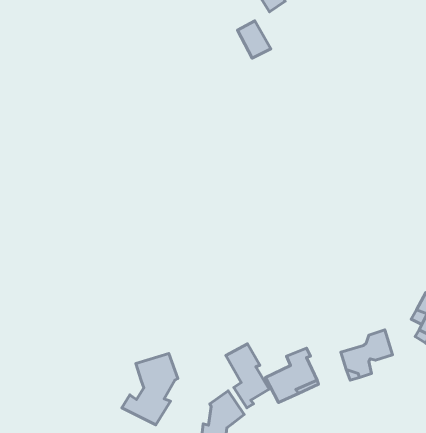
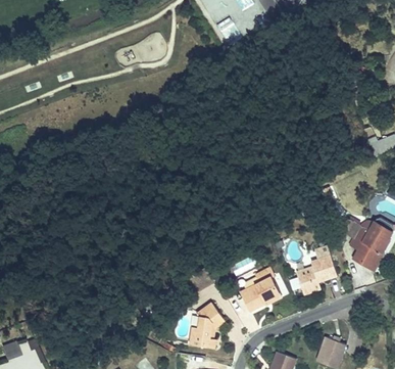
building: [226,344,269,408] -> none
building: [122,353,178,425] -> none

